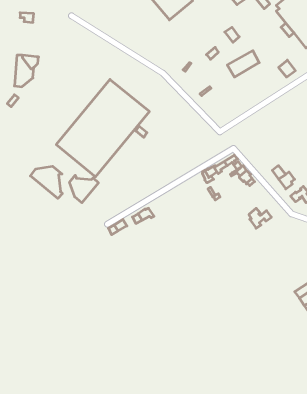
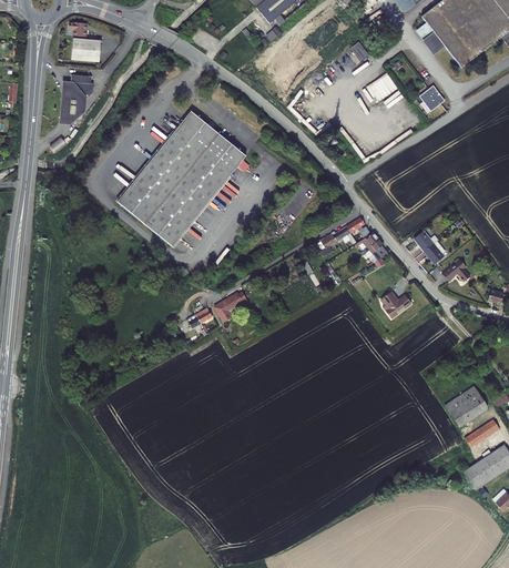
building: none -> [69,37,99,59]
building: [30,166,62,198] -> none
building: [70,175,98,203] -> none

